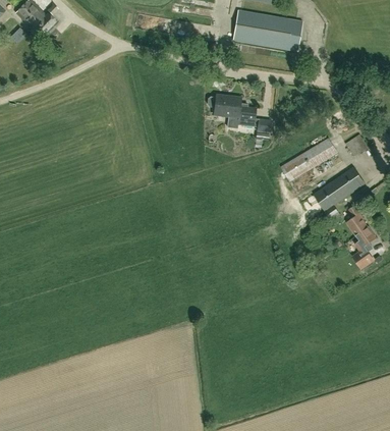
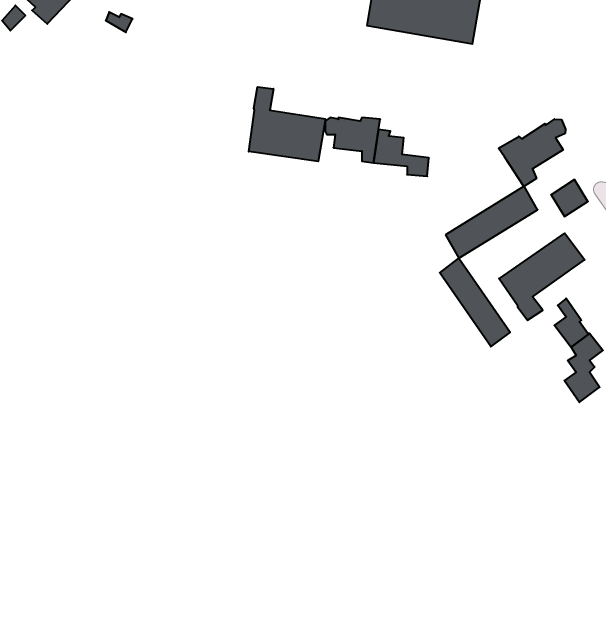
building: none -> [249,87,325,161]
building: none -> [499,119,566,186]
building: none -> [440,258,510,347]

